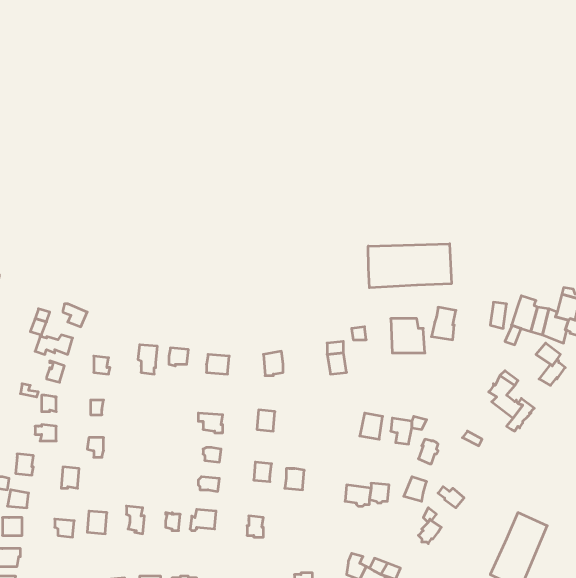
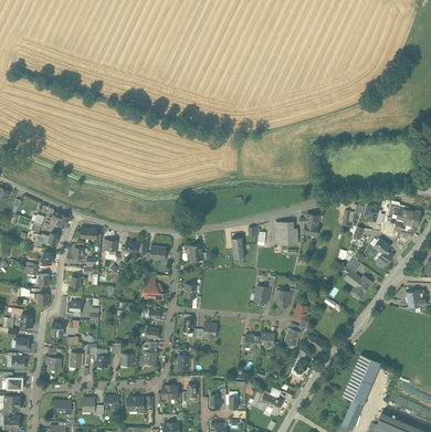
building: [368,244,451,288] -> none

